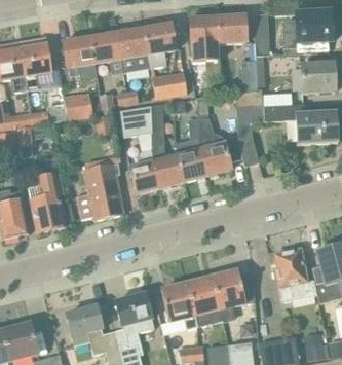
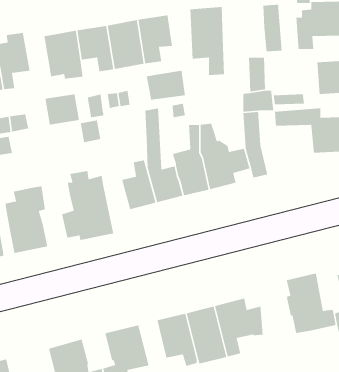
building: [219,14,246,43] -> none
building: [121,106,152,136] -> none

